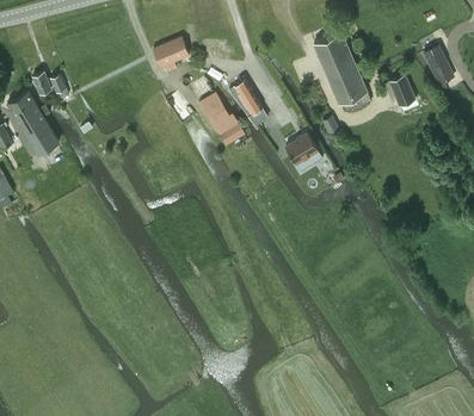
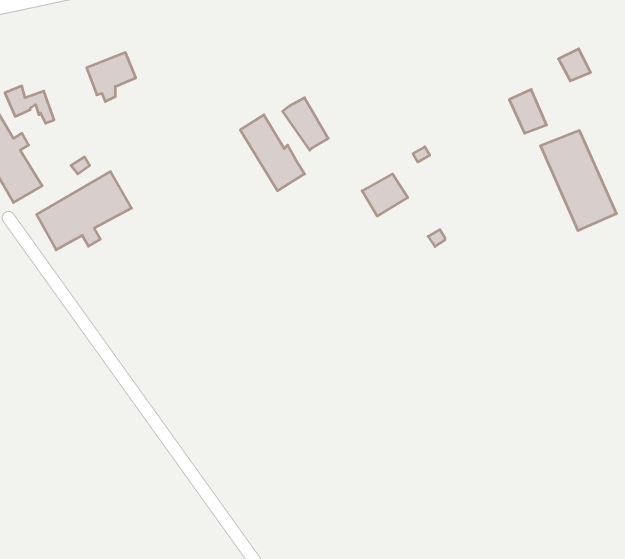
building: [313,33,367,104] -> [540,131,617,230]
building: [153,38,187,73] -> [87,53,136,102]
building: none -> [37,172,132,250]

